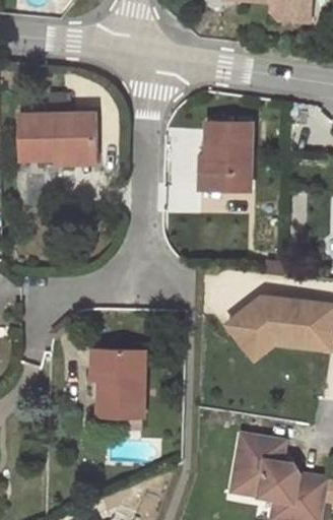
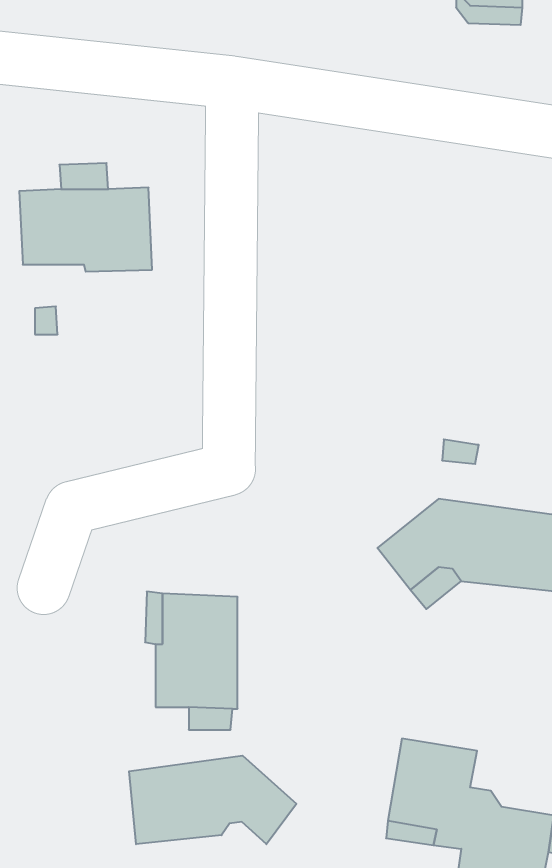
building: [200,122,252,190] -> none
building: none -> [129,756,296,844]

